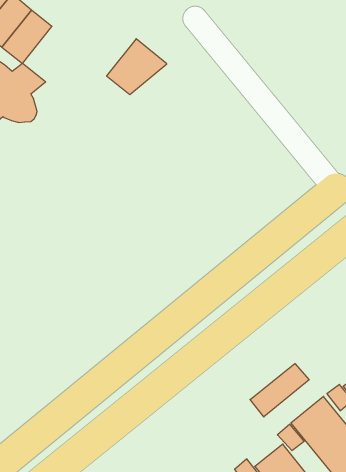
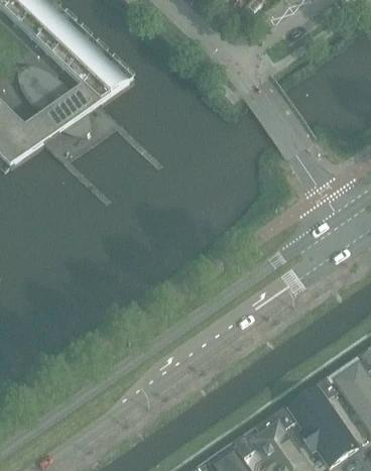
building: [107,39,167,94] -> [81,53,132,100]
building: [250,364,309,417] -> none

